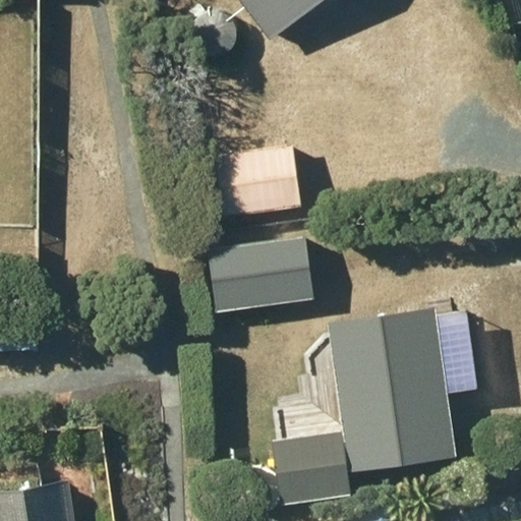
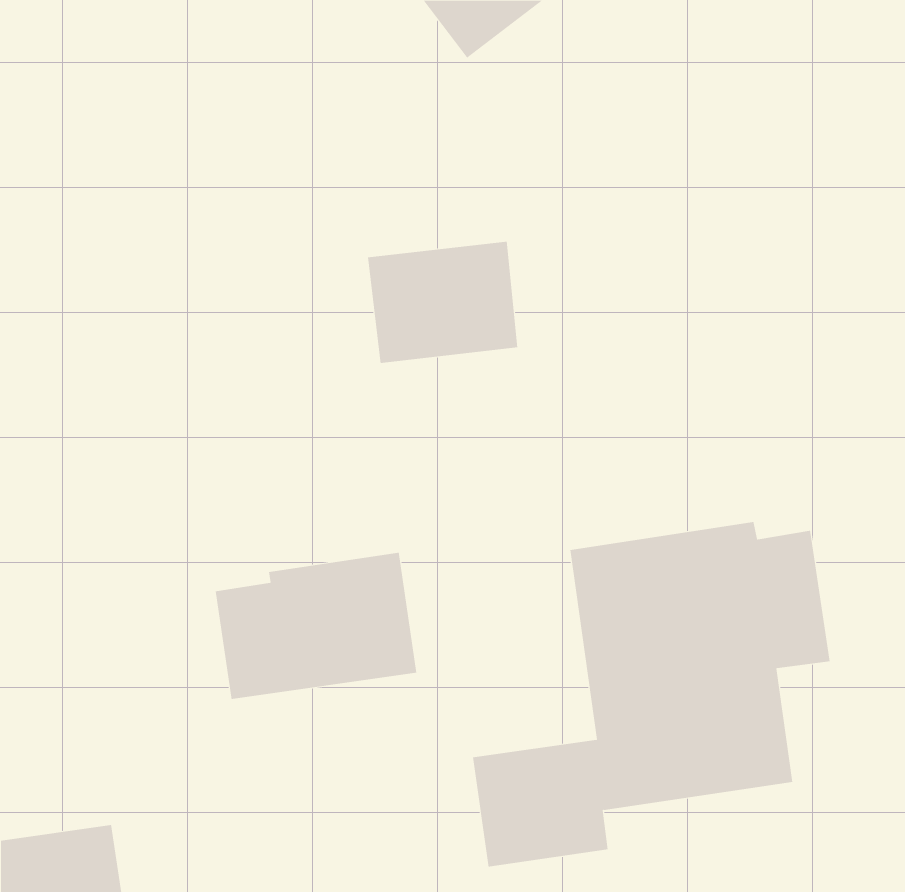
building: [198,231,314,315] -> [215,552,417,699]

